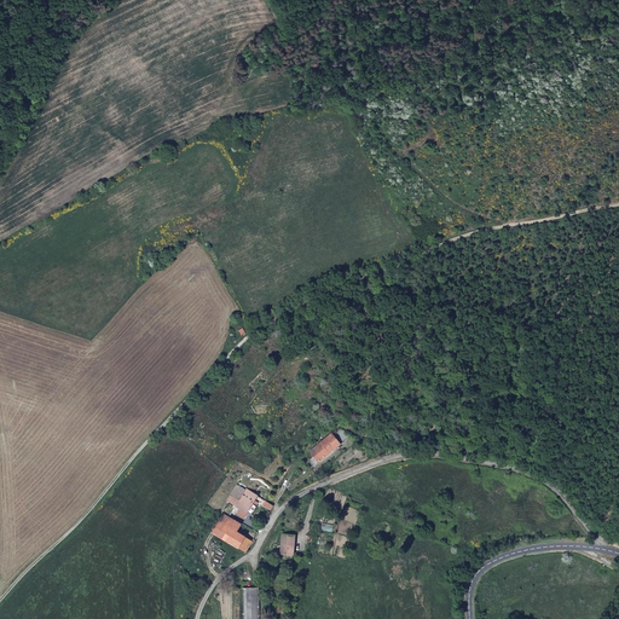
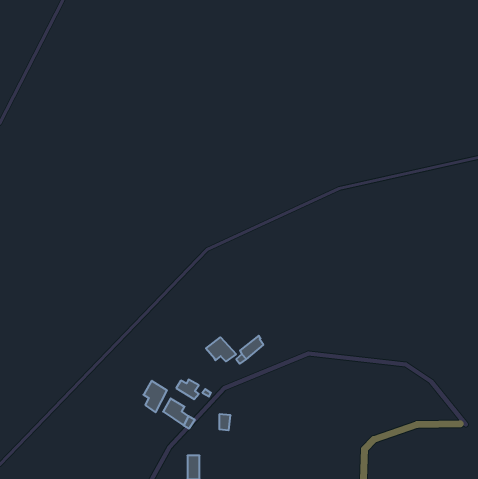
building: none -> [206,337,236,361]
building: none -> [143,381,167,412]

